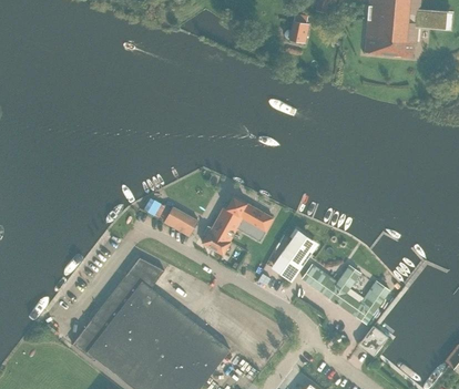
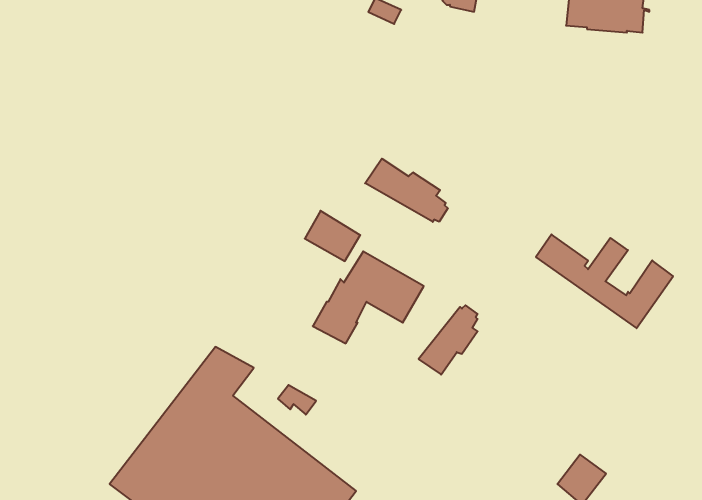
building: none -> [365,159,448,222]
building: [163,205,198,237] -> [305,211,360,261]
building: [302,264,389,324] -> [536,234,673,328]

